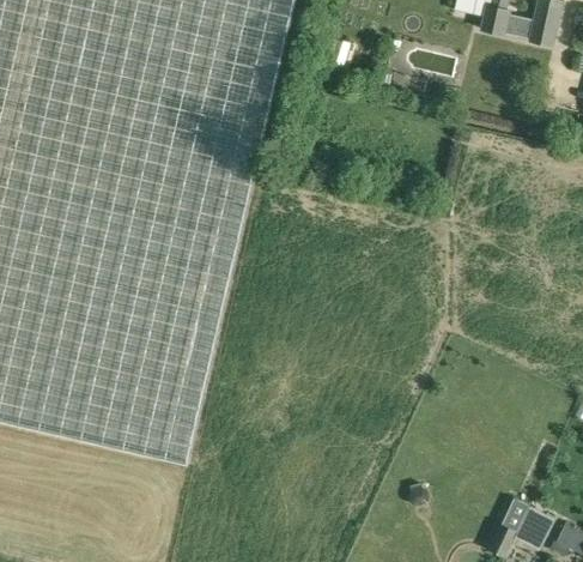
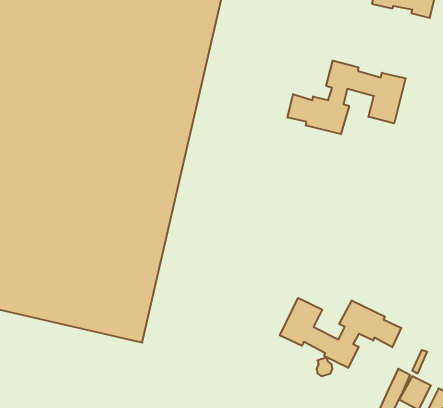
building: none -> [288,61,406,134]
building: none -> [280,298,401,368]

